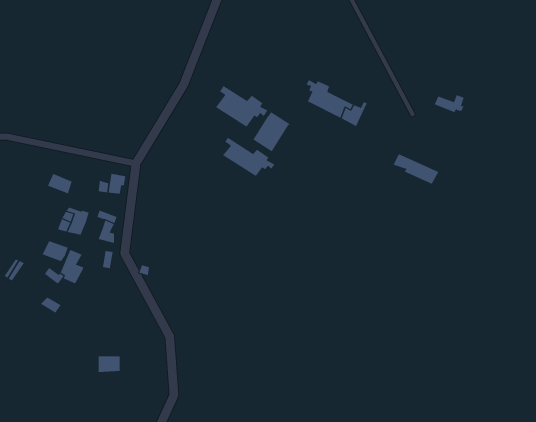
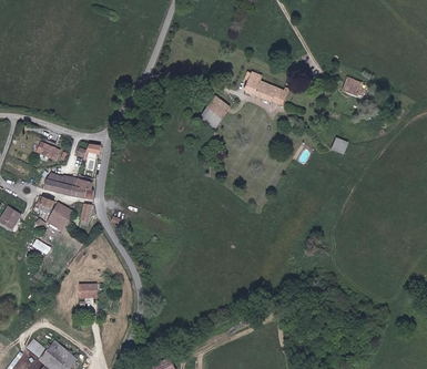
building: [215,85,268,128] -> none
building: [222,137,275,177] -> none

